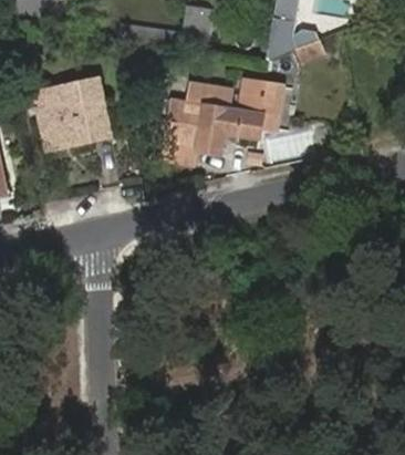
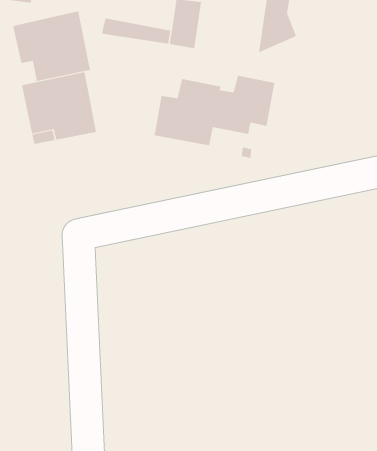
building: none -> [12,10,91,82]

